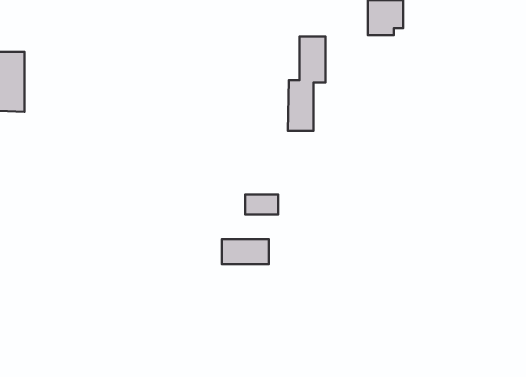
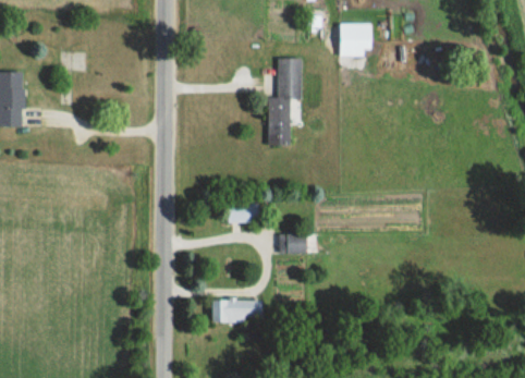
building: none -> [278,235,305,254]
building: [222,239,269,264] -> [211,300,255,322]

